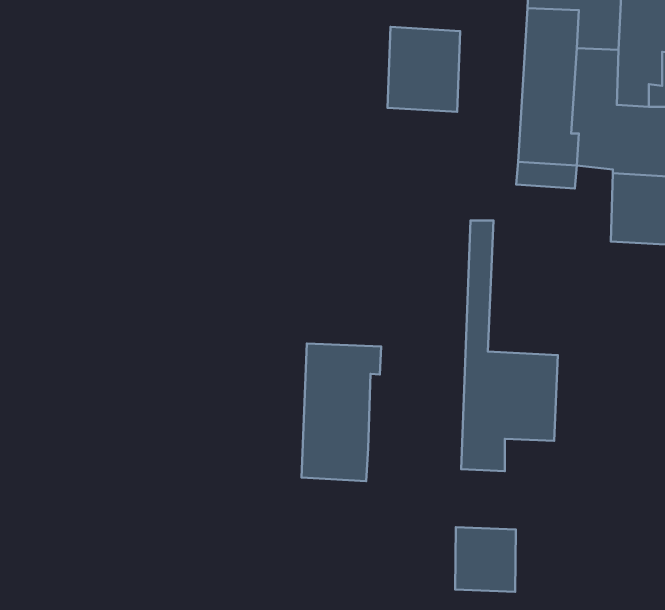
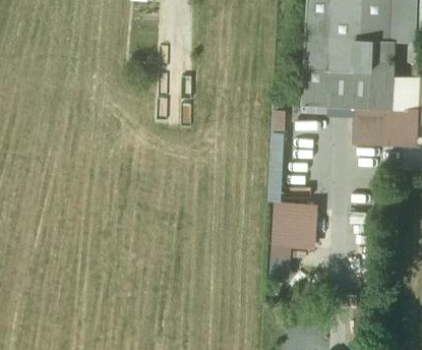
building: [387,27,460,112] -> none
building: [302,344,381,481] -> none
building: [455,527,516,592] -> none

